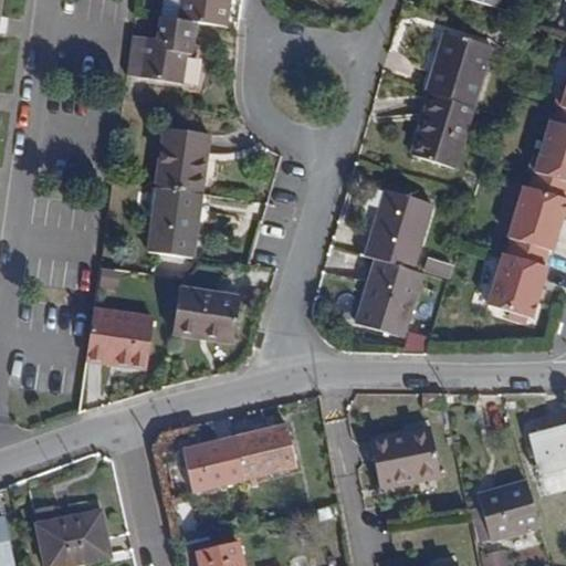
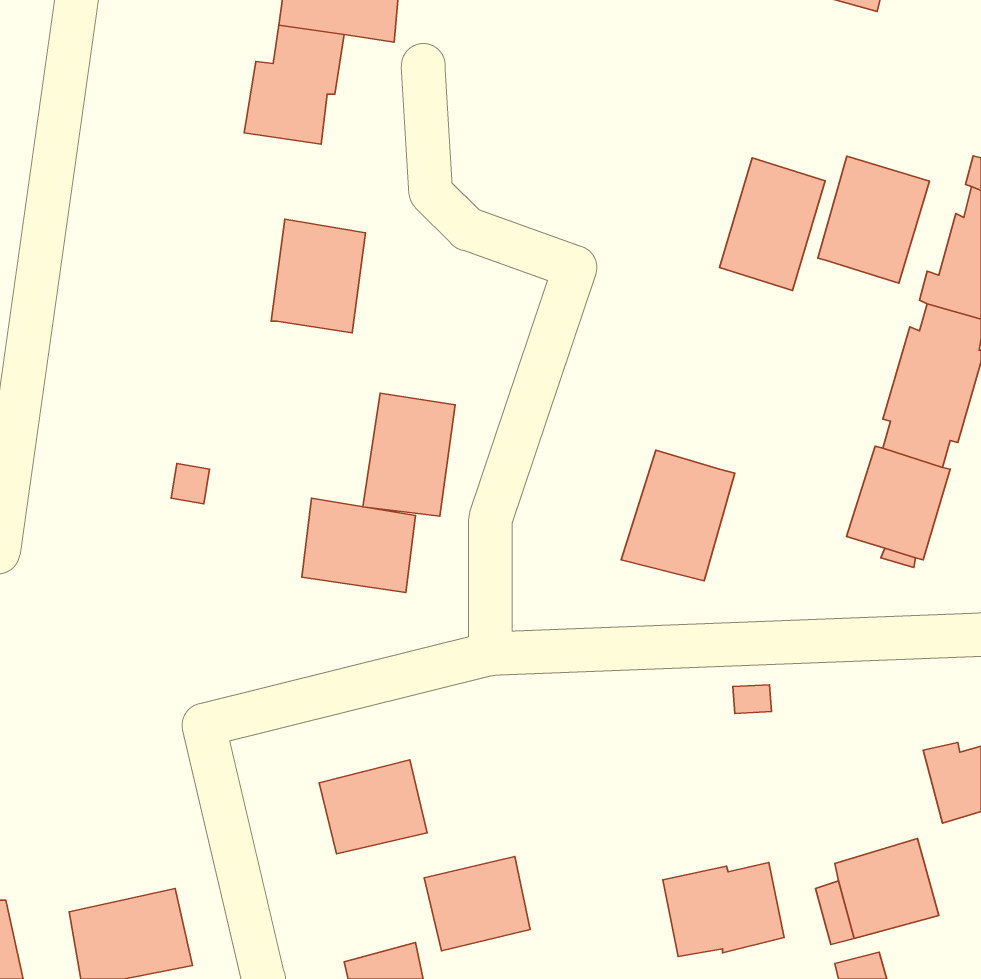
building: [428,31,492,104] -> [818,156,929,283]
building: [149,185,202,255] -> [363,393,455,516]
building: [366,190,433,270] -> none
building: [87,307,154,366] -> none
building: [235,424,296,479] -> [424,857,530,951]
building: [370,431,440,485] -> [663,862,784,957]

